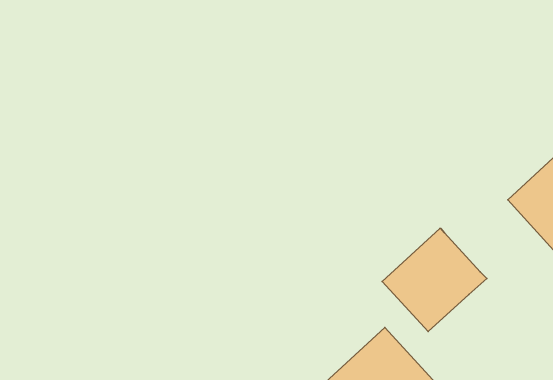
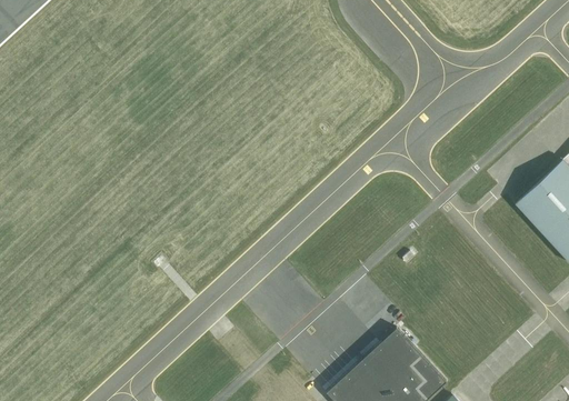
building: [382,228,487,331] -> none

